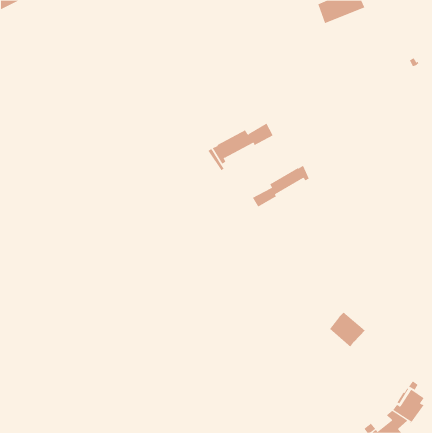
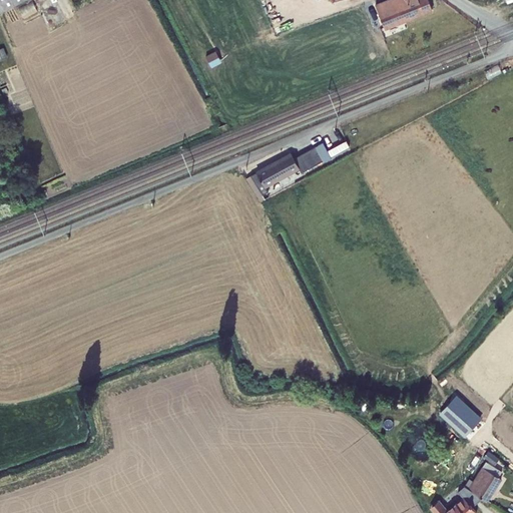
building: [252,165,310,208] -> none
building: [329,312,366,347] -> [441,394,484,436]

